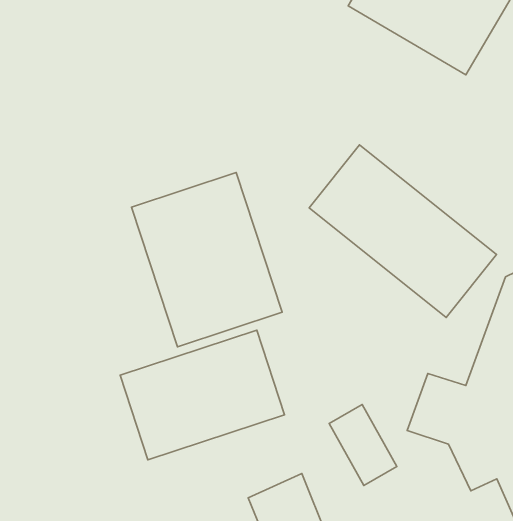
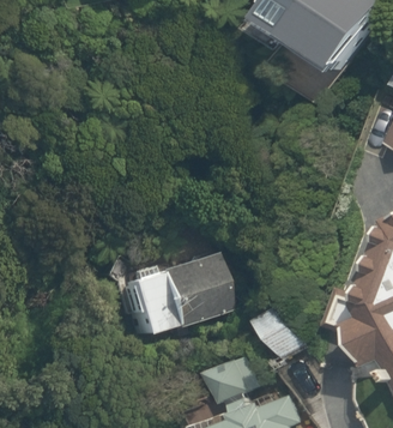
building: [309,145,496,318] -> none
building: [131,172,282,347] -> none

